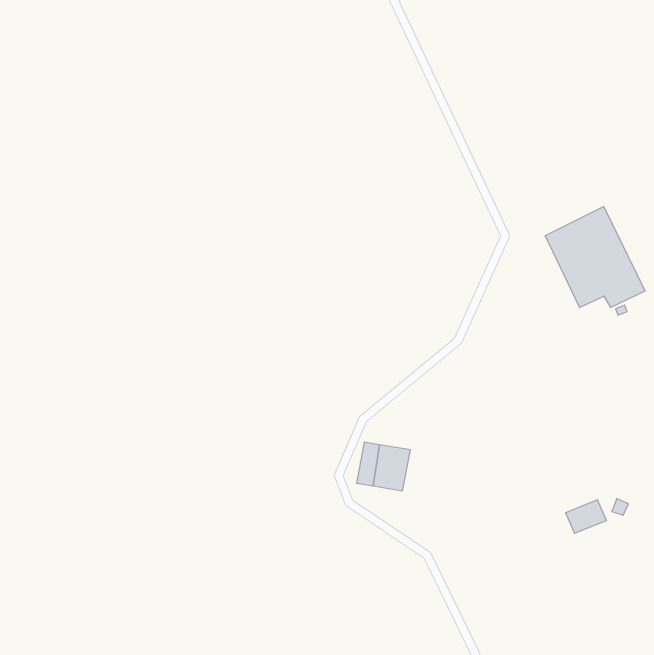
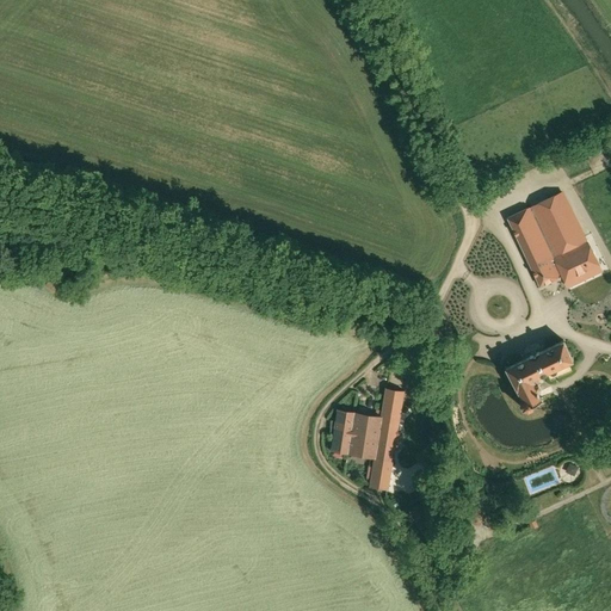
building: none -> [505,340,573,409]
building: none -> [370,390,402,488]

